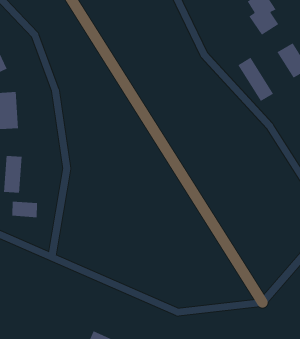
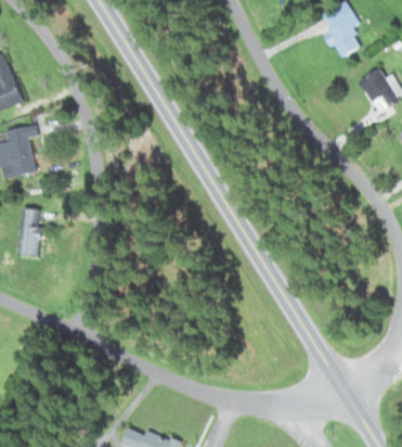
building: [237,57,274,102] -> none
building: [12,201,38,218] -> none

